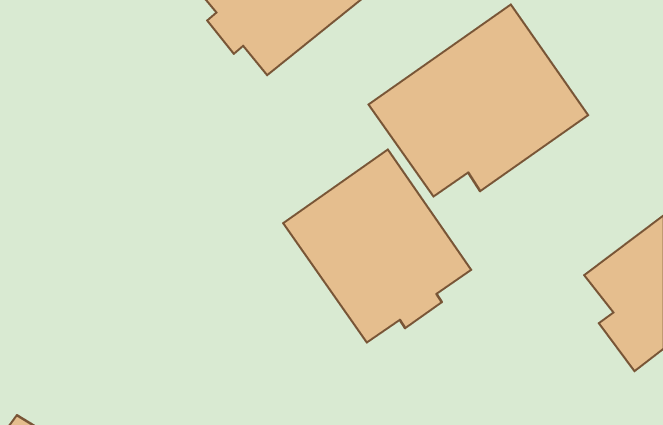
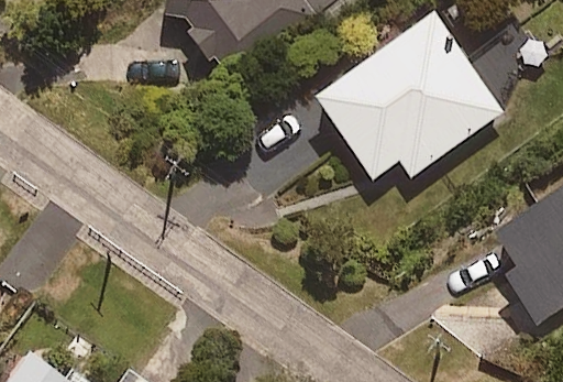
building: [283,149,471,342] -> none

